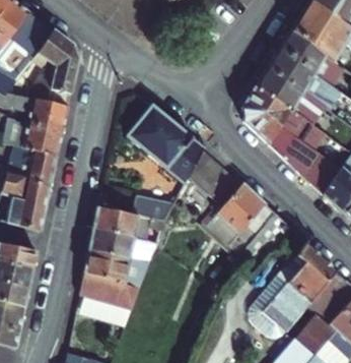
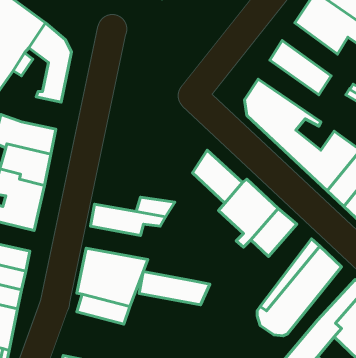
building: [279,29,346,86] -> none
building: [256,66,325,126] -> none
building: [25,101,64,133] -> none
building: [135,108,208,181] -> none
building: [88,228,157,260] -> [139,272,210,305]

